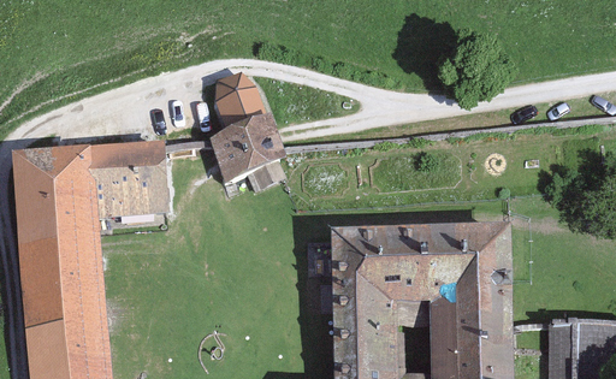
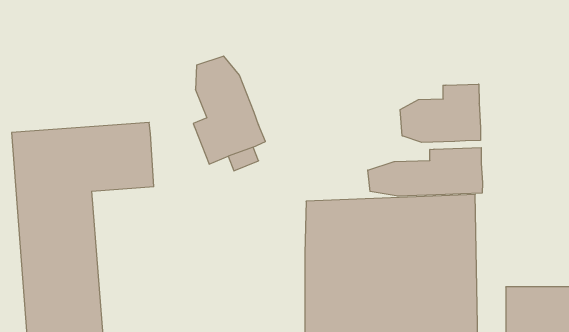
building: none -> [400,84,481,142]
building: none -> [368,148,483,196]

